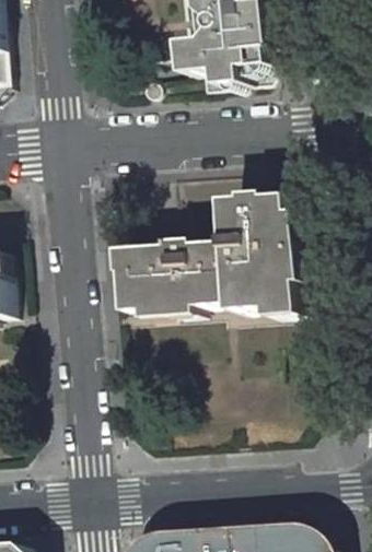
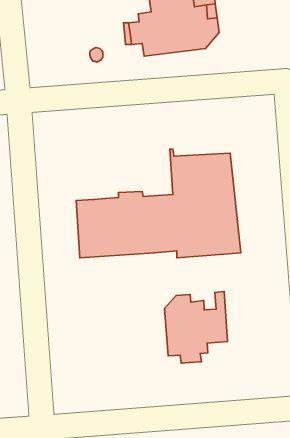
building: none -> [164,291,228,363]

